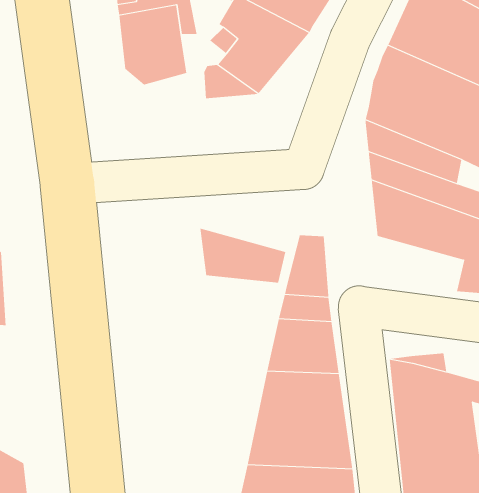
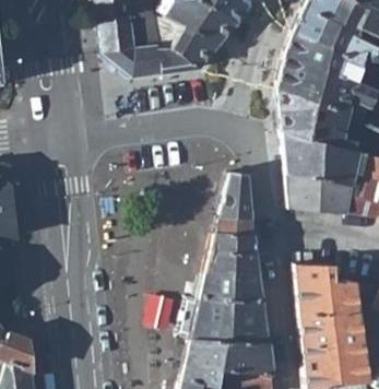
building: none -> [116,26,161,76]
building: [200,228,286,283] -> [286,174,350,214]

